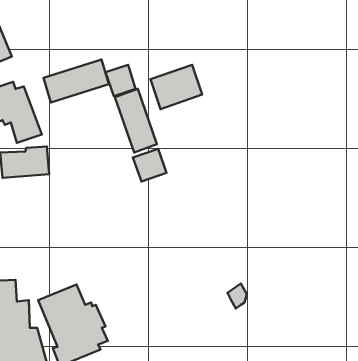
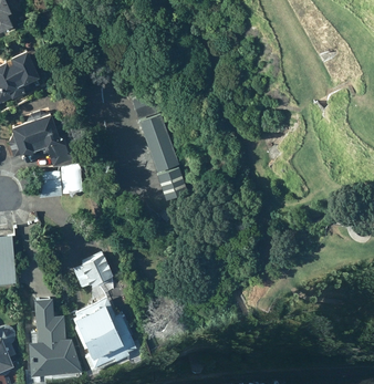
building: [44,59,109,103] -> none
building: [151,65,202,109] -> none
building: none -> [74,253,113,290]

